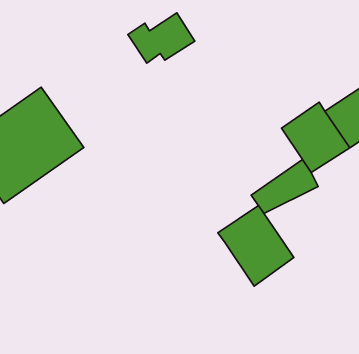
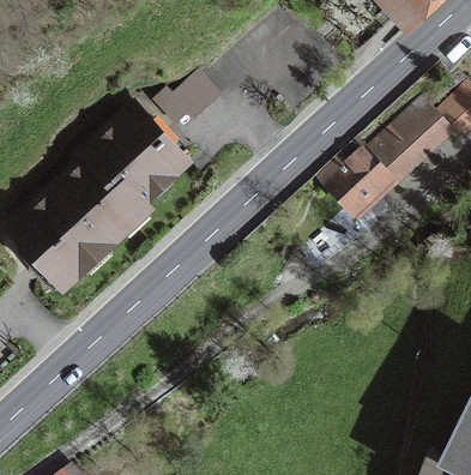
building: none -> [78,101,195,218]
building: [218,206,294,286] -> none

